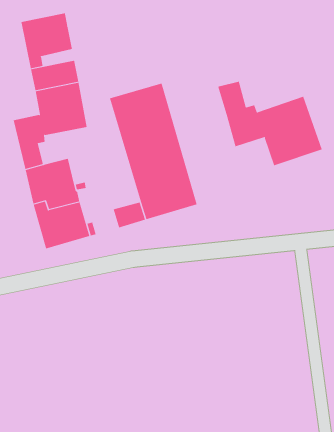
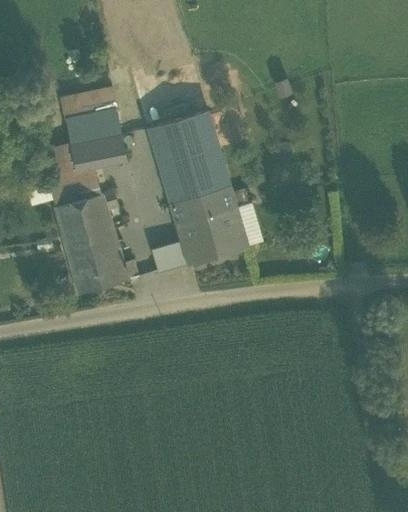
building: [21,13,72,69] -> none
building: [217,81,322,166] -> none

